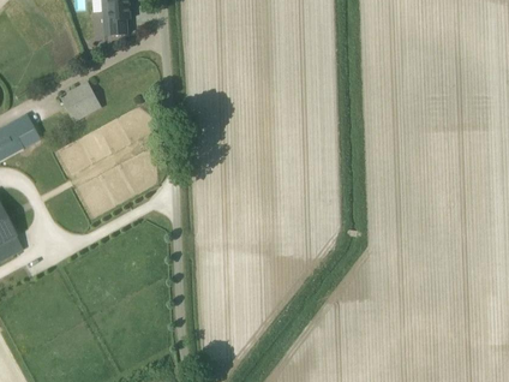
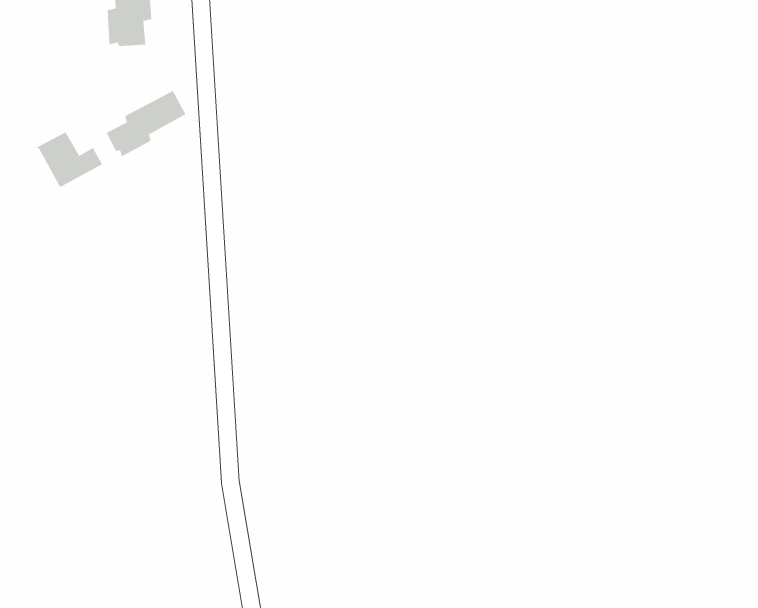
building: none -> [105,90,187,159]

